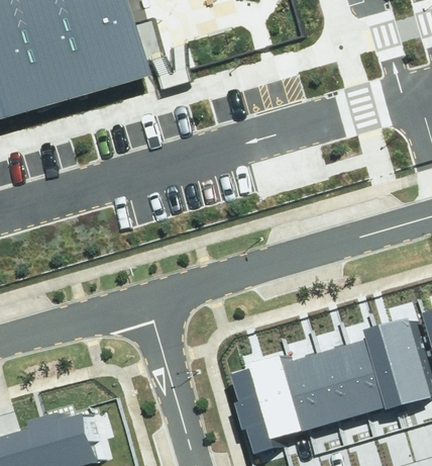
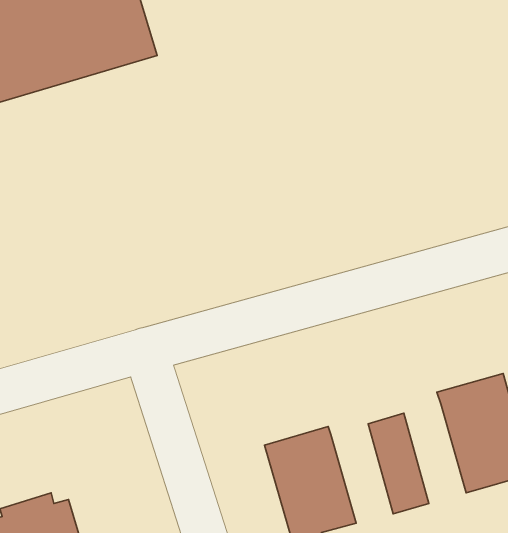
building: [337,341,385,416] -> none
building: [282,356,329,432] -> none

